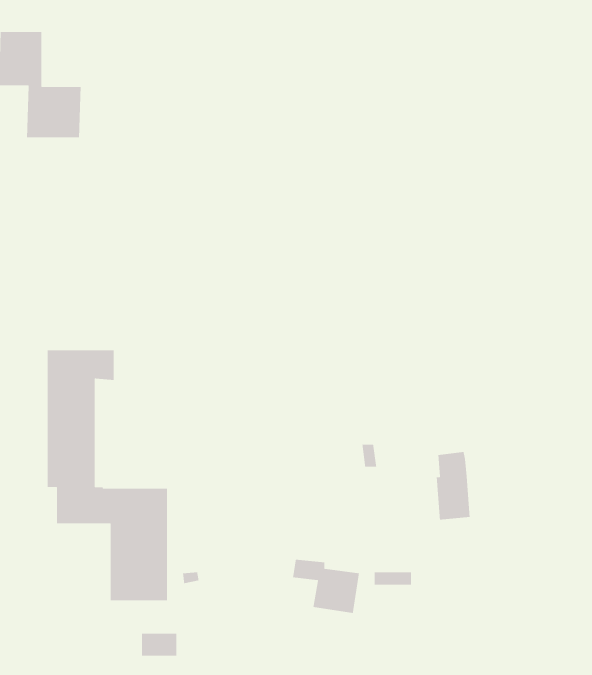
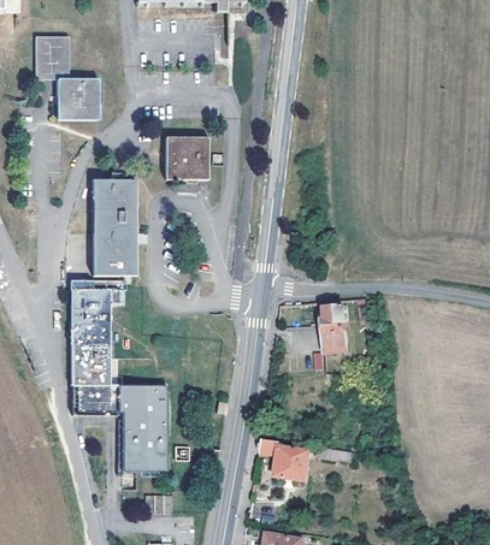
building: none -> [165,136,207,178]
building: none -> [93,178,135,274]
building: [436,451,471,521] -> [321,300,348,353]

